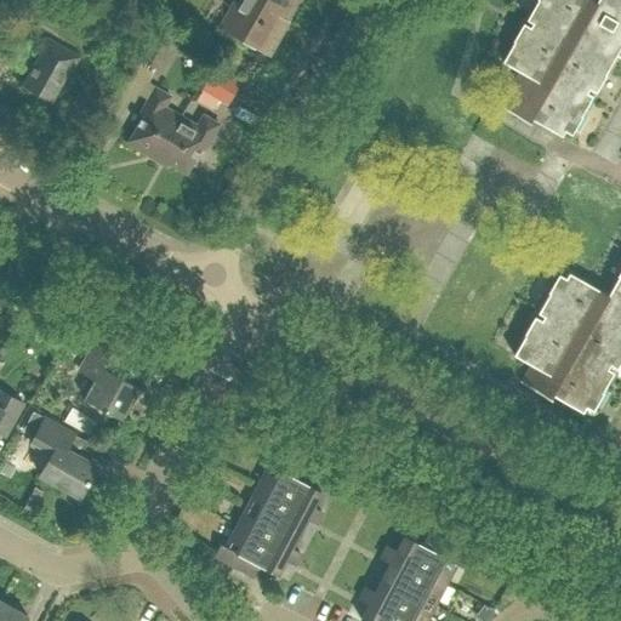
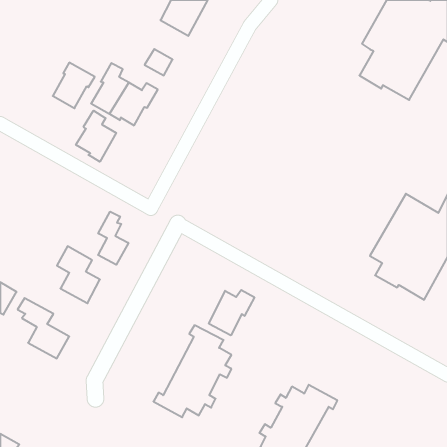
building: [23,39,81,102] -> [53,63,95,108]
building: none -> [76,111,116,162]
building: none -> [98,212,128,265]
building: none -> [209,290,254,335]

